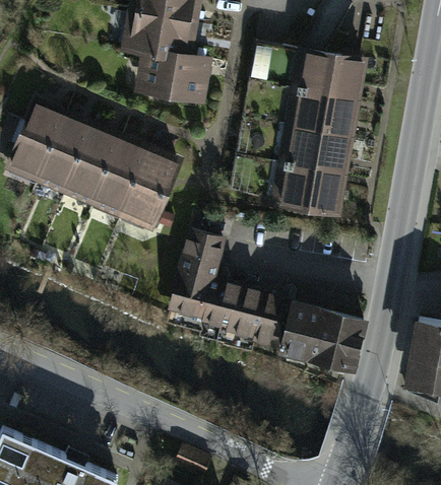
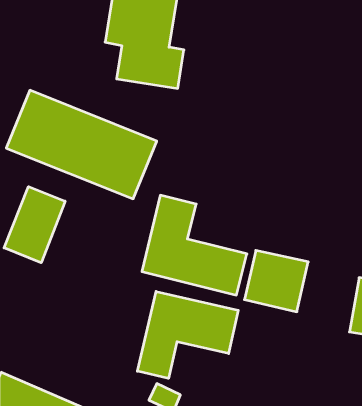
building: [273,50,367,214] -> none
building: none -> [4,187,65,263]
building: none -> [137,291,238,378]

